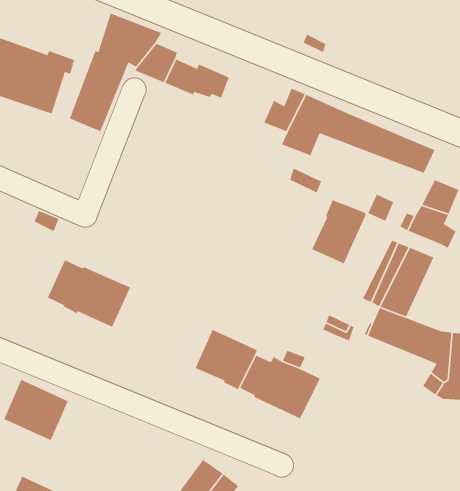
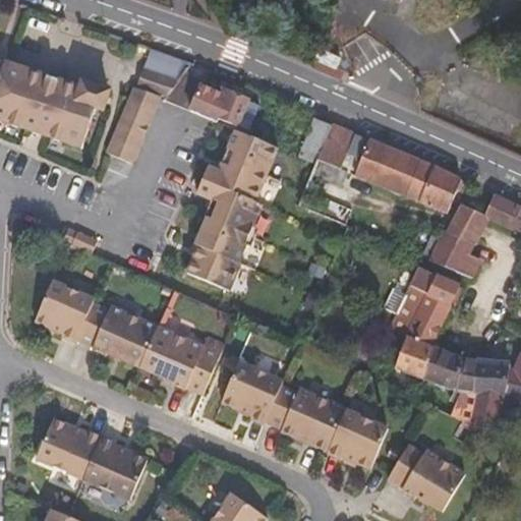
building: none -> [196,136,283,294]
building: [311,199,367,265] -> none
building: none -> [37,267,98,330]
building: none -> [142,317,225,386]
building: none -> [327,408,386,464]
building: none -> [82,428,146,488]
building: none -> [386,444,465,511]

